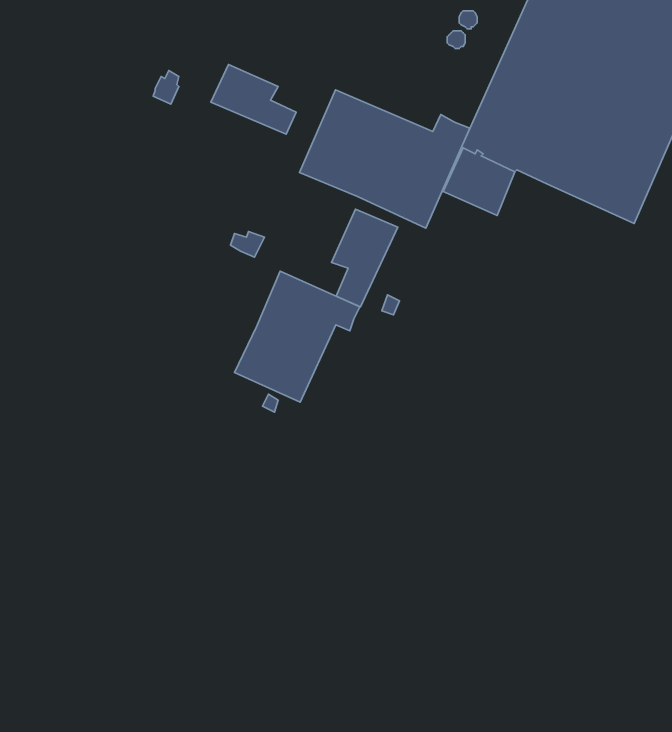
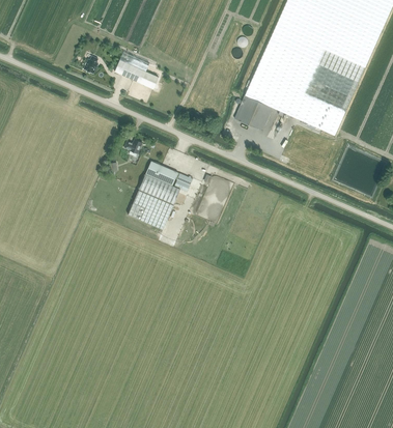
building: [299,90,470,228] -> none
building: [331,209,398,307] -> none

